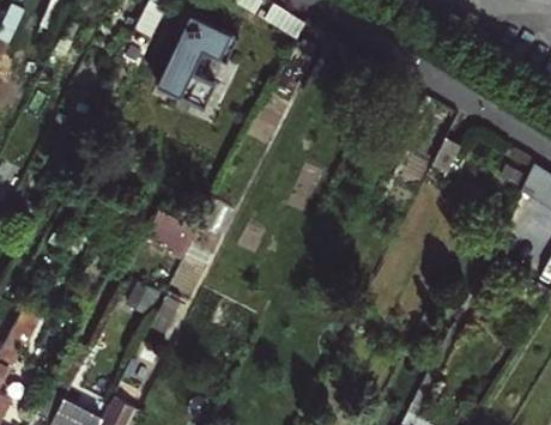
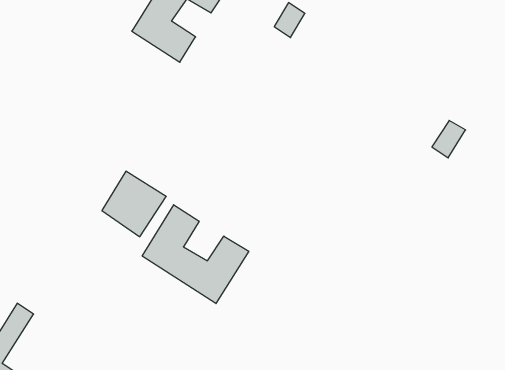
building: none -> [142,205,249,304]

